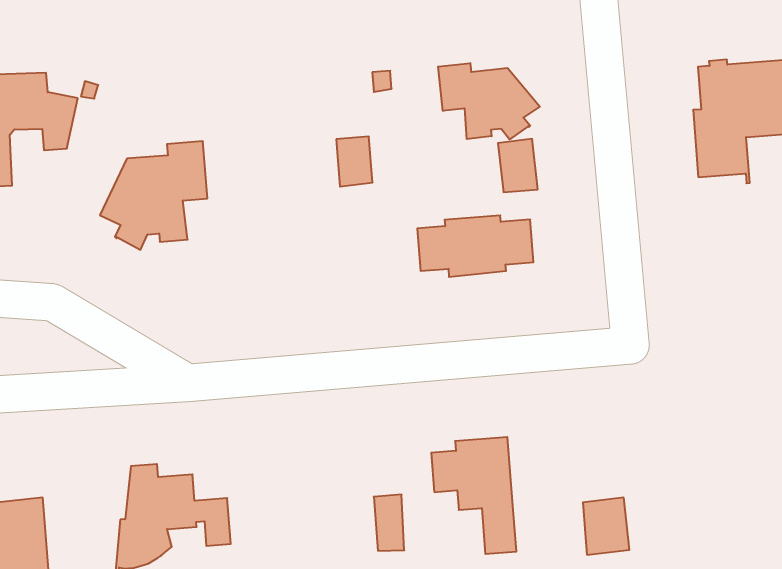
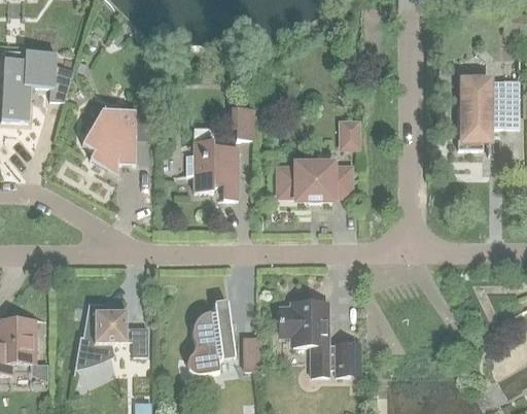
building: [438,63,540,139] -> none
building: none -> [186,127,239,200]
building: none -> [185,303,236,371]
building: [583,498,629,555] -> [333,340,360,374]

